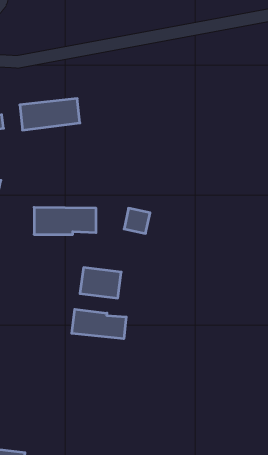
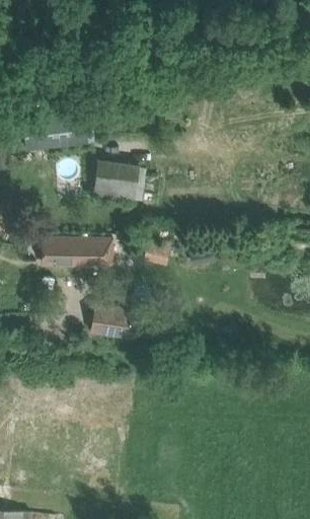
building: none -> [92,160,139,204]
building: [72,309,126,339] -> none

